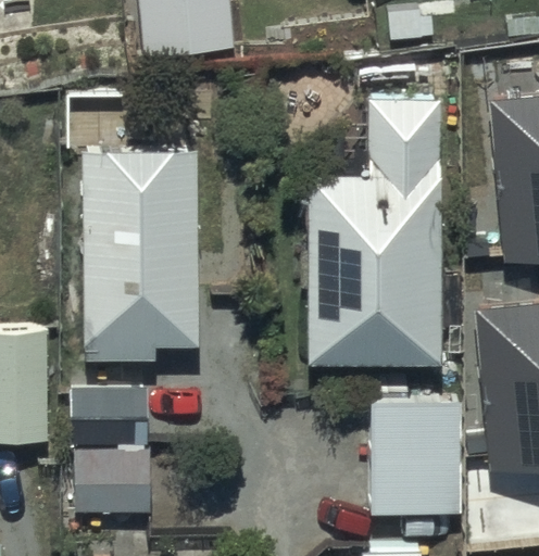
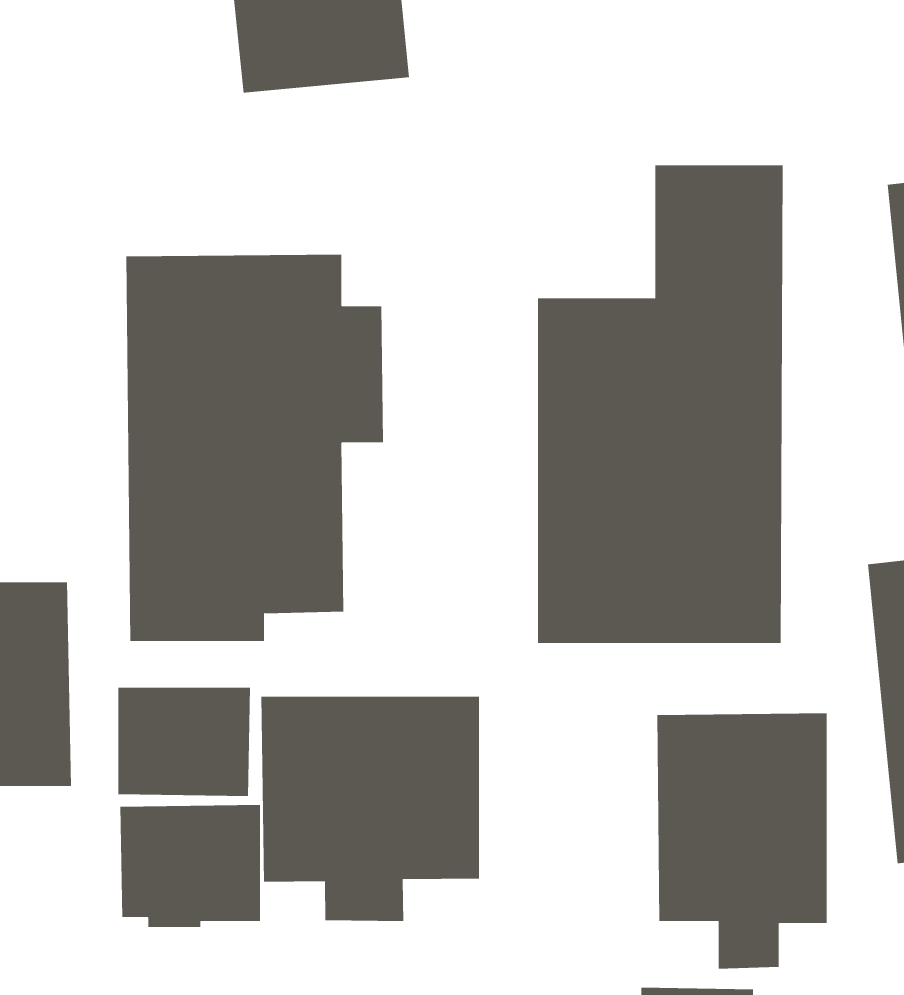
building: none -> [261,696,480,922]

